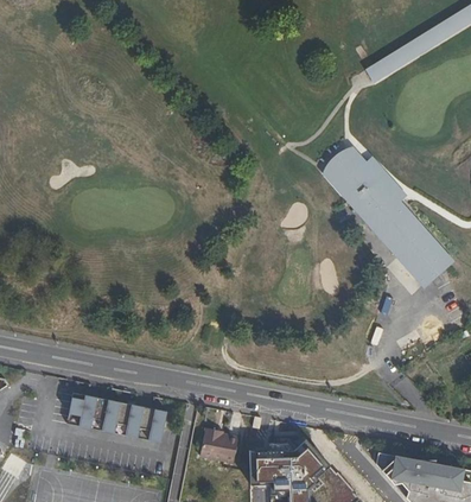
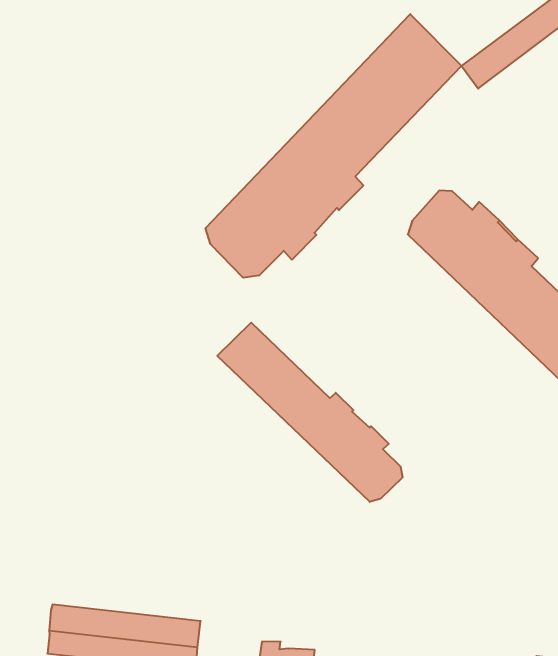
building: none -> [205,14,461,278]
building: none -> [217,323,403,502]

